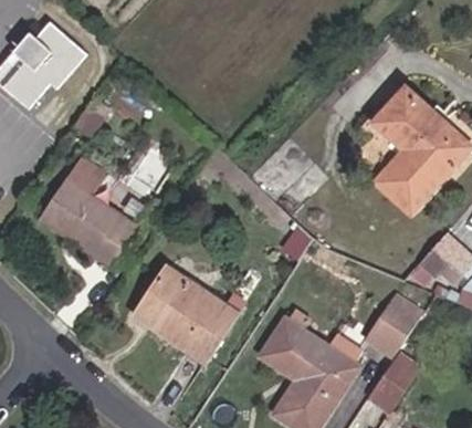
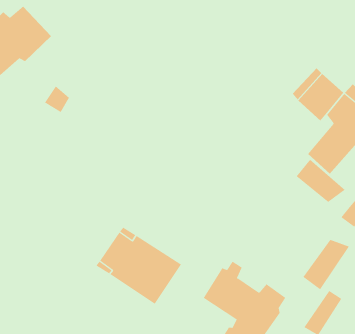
building: [42,160,139,269] -> none
building: none -> [296,159,346,203]

